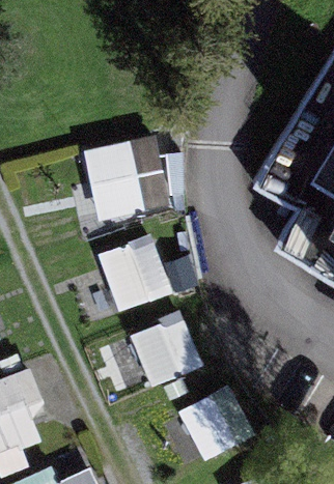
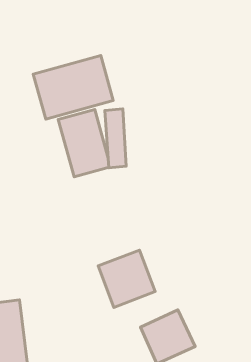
building: none -> [33,55,113,119]
building: [100,237,171,314] -> none

